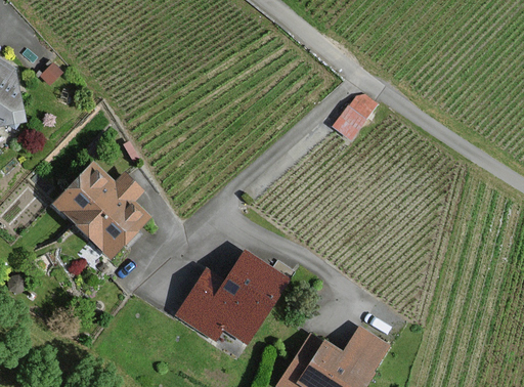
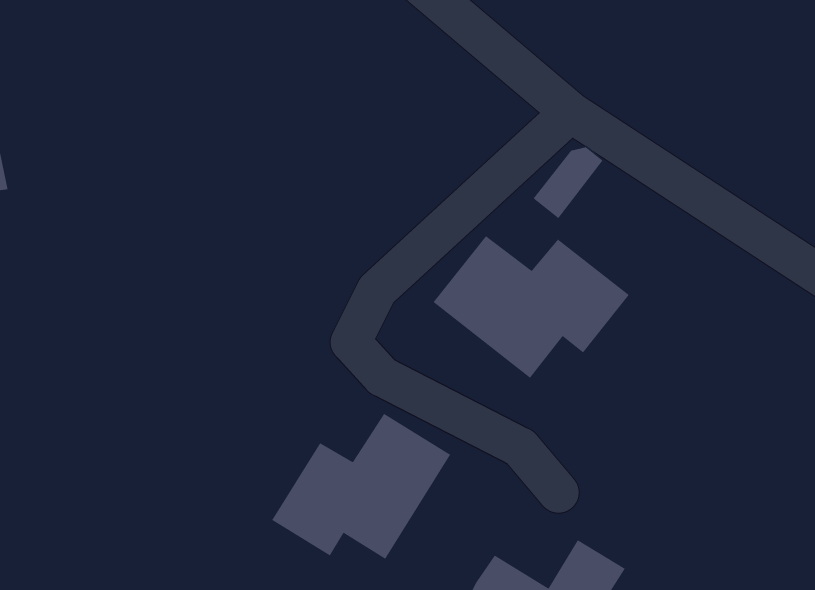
building: none -> [432,235,630,379]
building: [54,164,148,257] -> none

